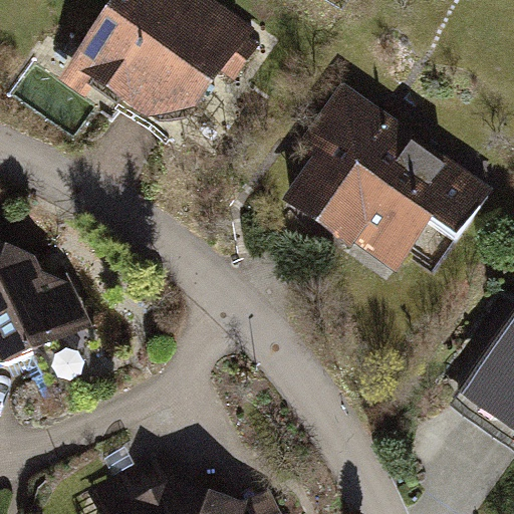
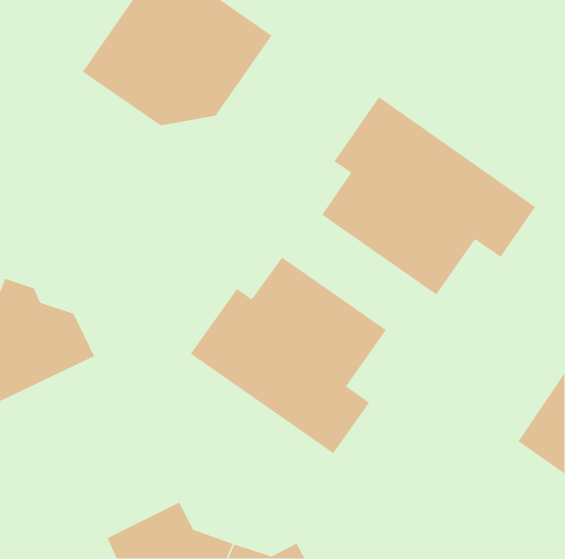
building: none -> [190,256,387,454]

